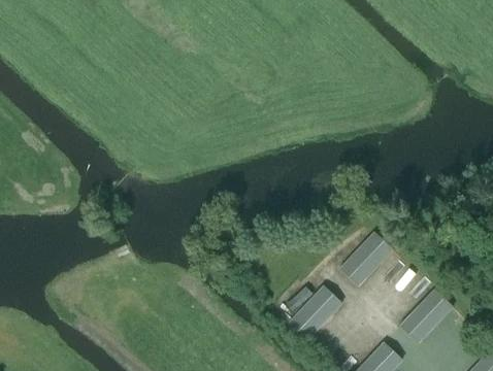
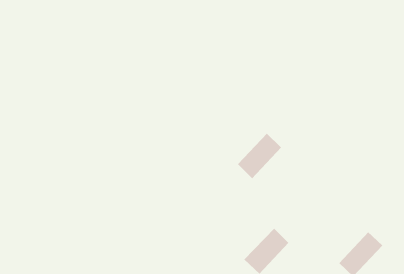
building: [340,231,393,285] -> [237,133,282,179]

